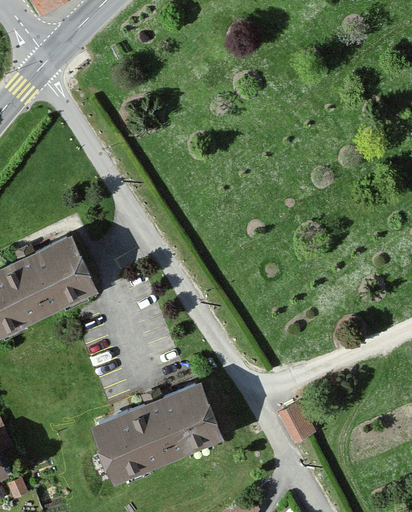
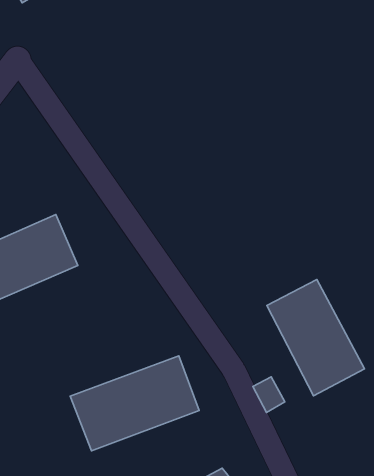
building: none -> [267,279,364,396]

